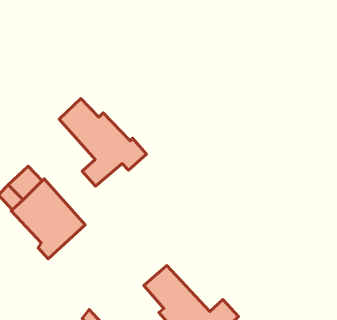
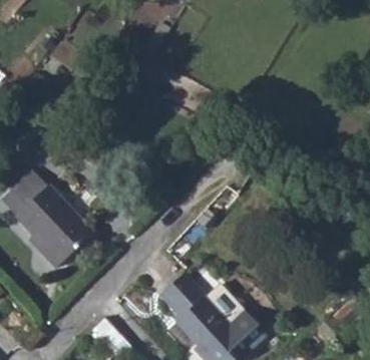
building: [59,99,147,186] -> none

